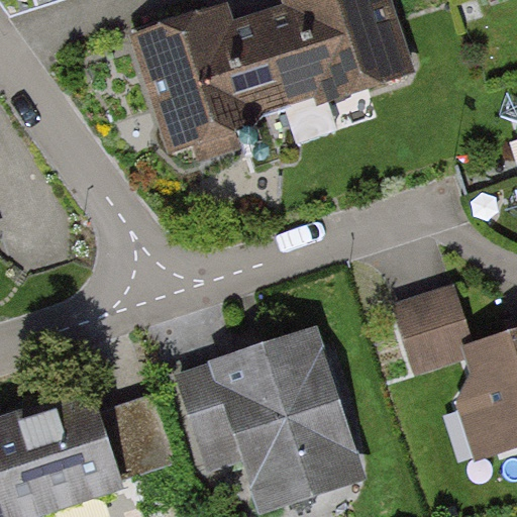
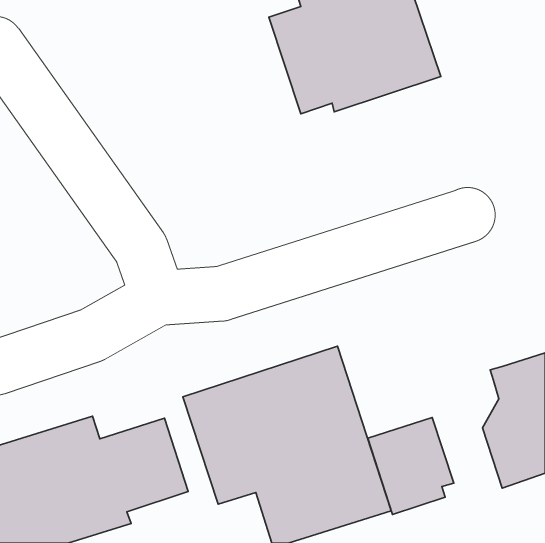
building: [127,4,283,154] -> none
building: [391,283,472,374] -> [368,418,454,514]

